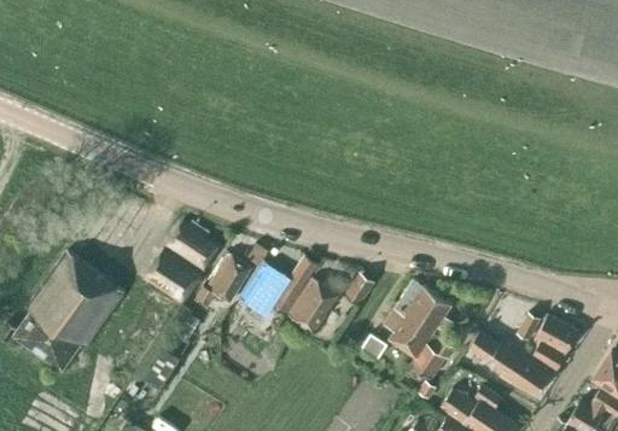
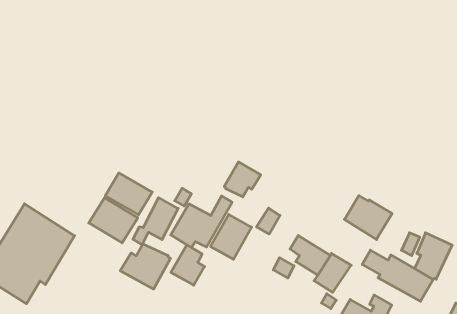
building: none -> [224,162,261,197]
building: [393,281,451,336] -> [344,196,392,240]
building: none -> [120,244,170,289]
building: none -> [171,245,205,285]

